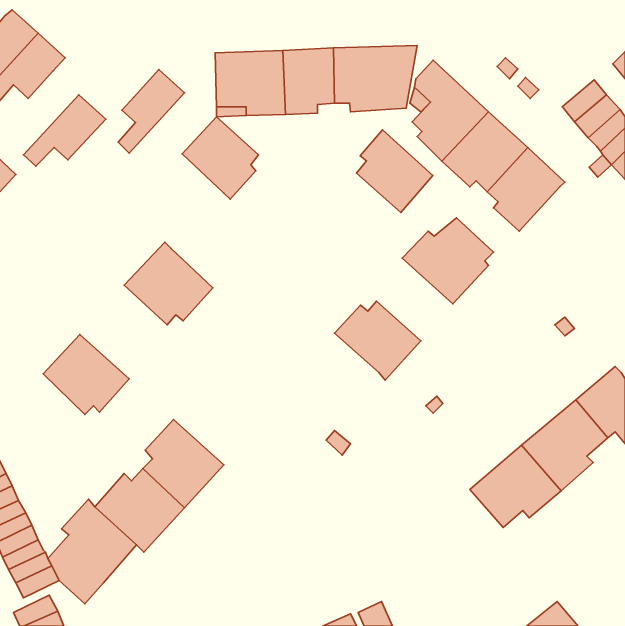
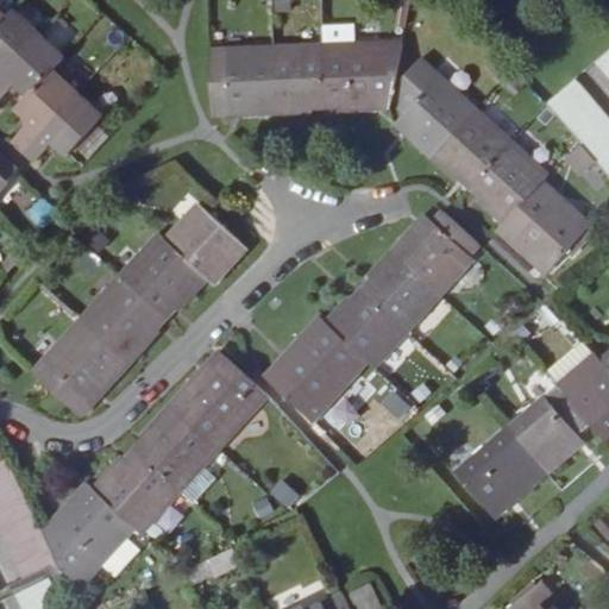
building: [118,70,185,153] -> [12,69,76,150]
building: [182,117,258,199] -> [165,205,239,284]
building: [357,130,433,212] -> [364,250,438,329]
building: none -> [496,181,588,268]
building: none -> [77,276,162,366]
building: none -> [269,316,366,416]
building: none -> [168,369,257,450]

